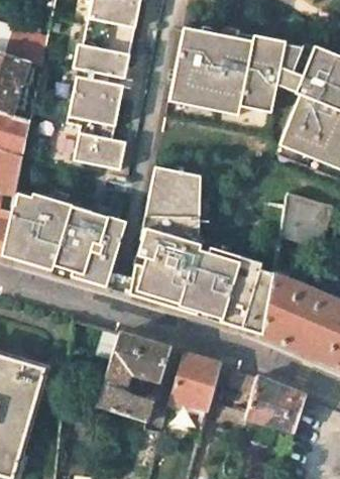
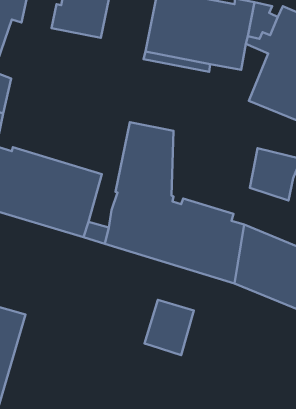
building: [66,76,126,169] -> none
building: [96,332,169,422] -> none
building: [247,375,306,431] -> none

